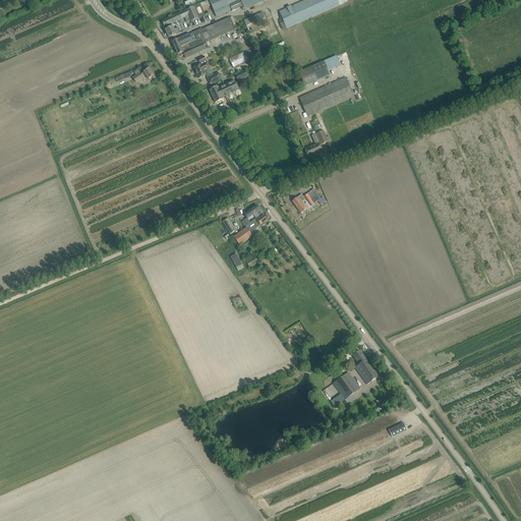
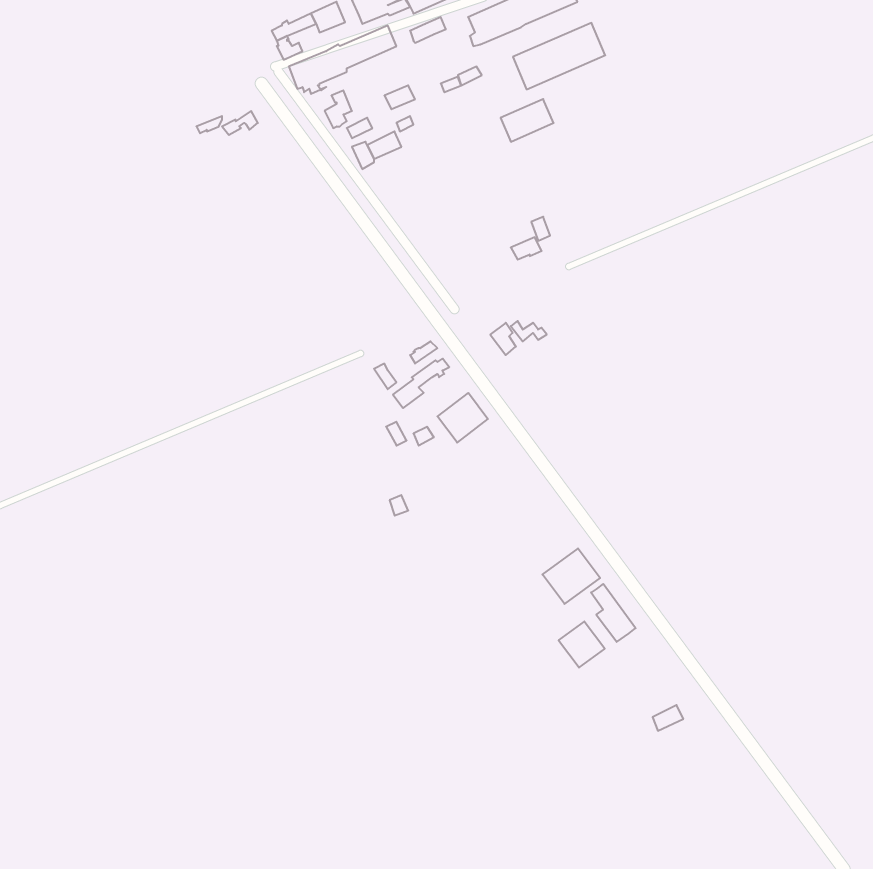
building: [299,75,354,115] -> [513,23,605,89]
building: none -> [437,393,488,443]
building: none -> [542,548,600,604]

